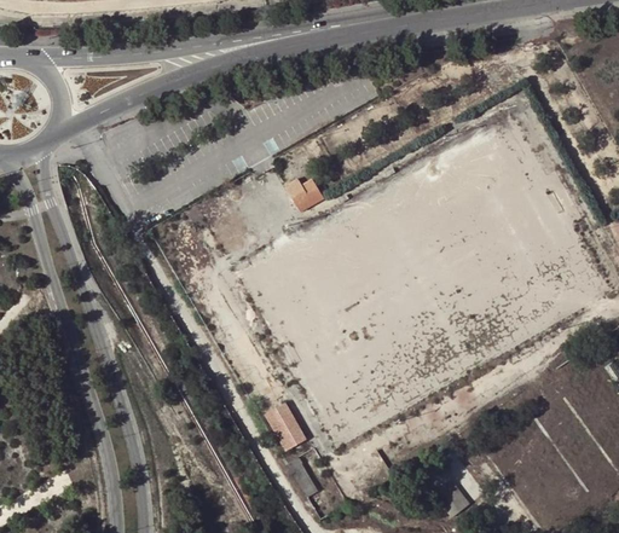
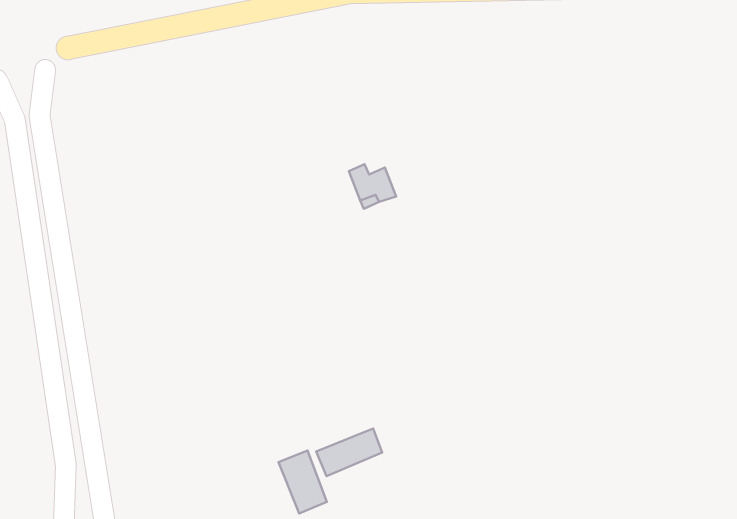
building: none -> [316,429,382,476]

